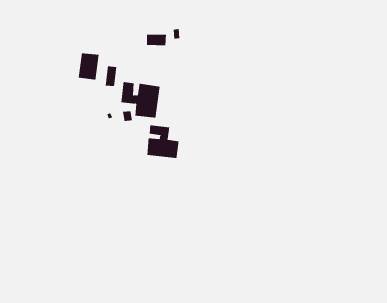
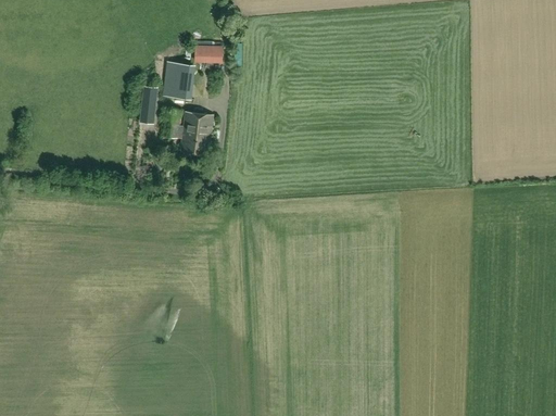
building: [78,53,99,80] -> [164,63,192,99]
building: [147,124,179,159] -> none

